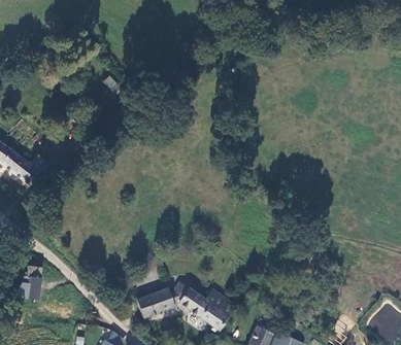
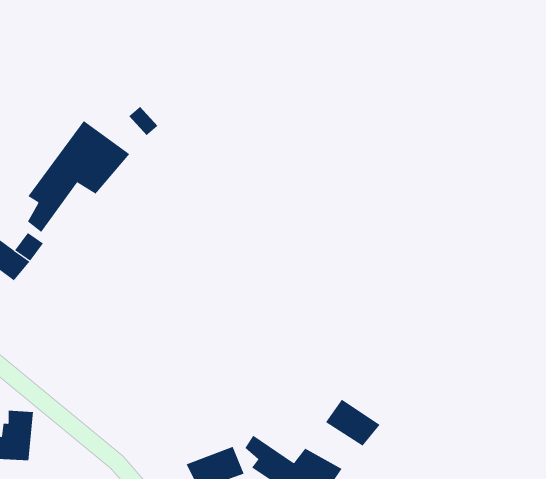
building: none -> [27,120,130,233]
building: none -> [325,399,381,447]

